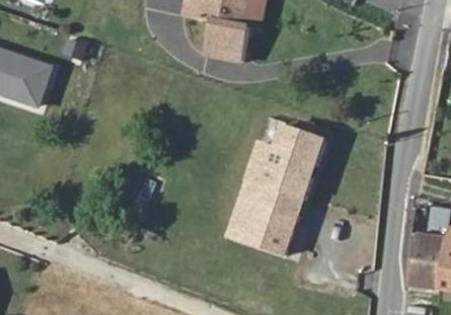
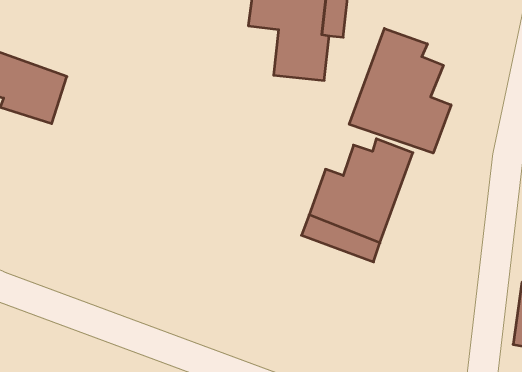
building: none -> [349,28,451,153]
building: [227,190,299,250] -> none

